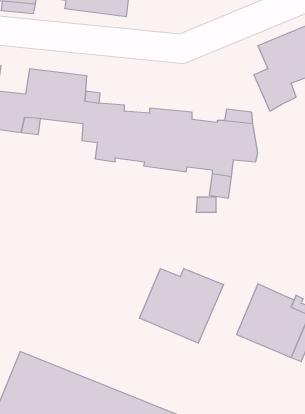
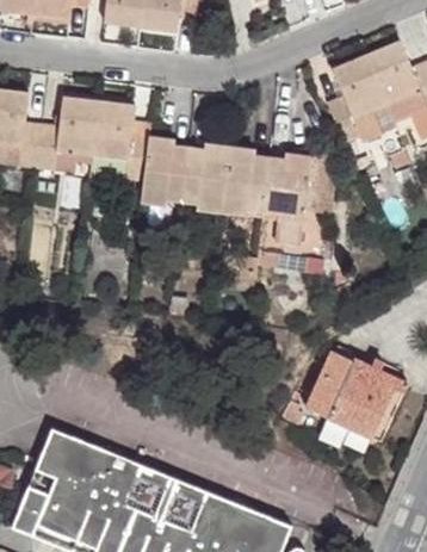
building: [139,268,224,343] -> none

